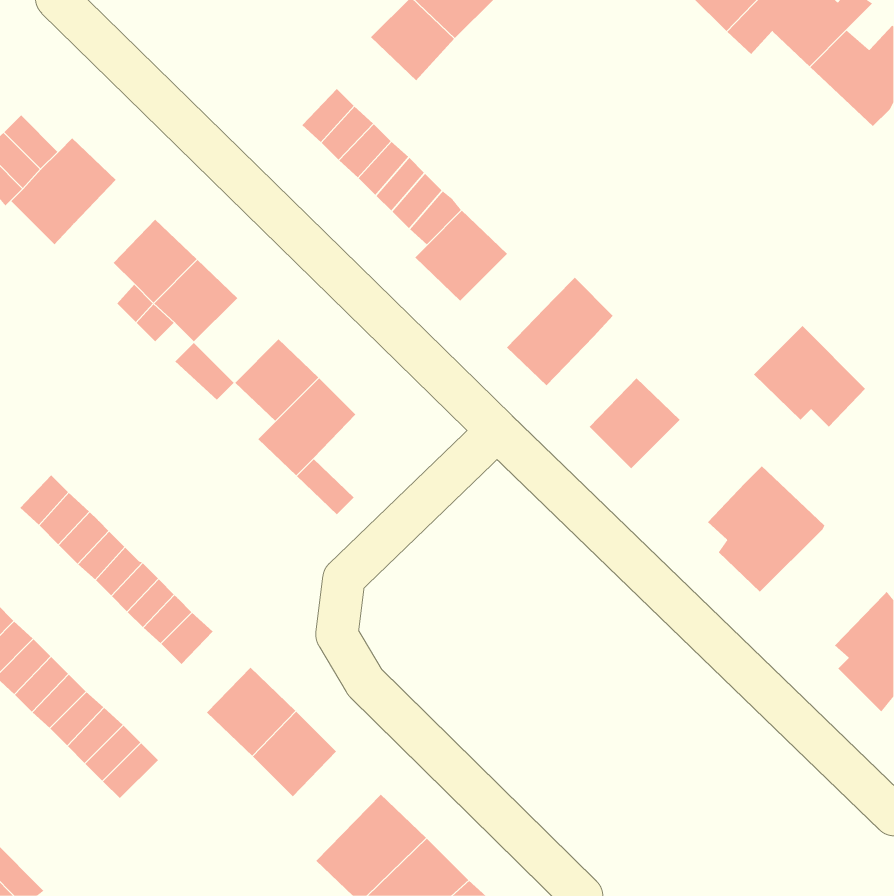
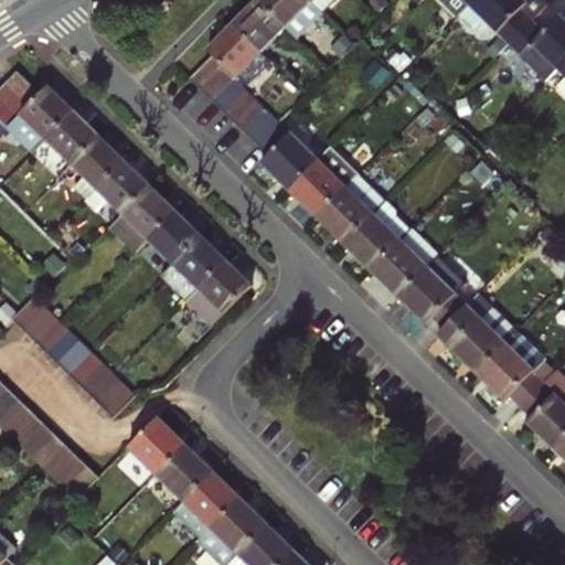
building: none -> [207,23,273,88]
building: none -> [46,113,97,164]
building: none -> [288,145,360,217]
building: none -> [121,186,174,239]
building: none -> [342,198,408,267]
building: [753,325,866,428] -> [395,263,466,327]
building: none -> [196,259,248,311]
building: none -> [476,331,553,404]
building: none -> [170,470,238,539]

